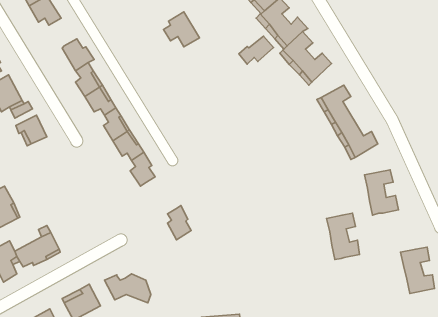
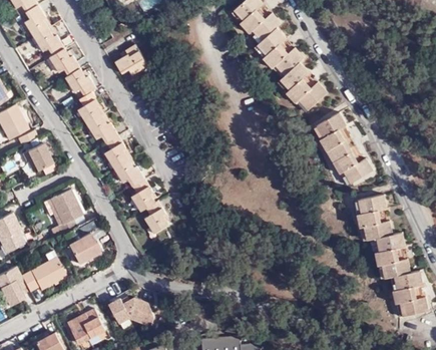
building: [163,12,199,47] -> [115,45,150,79]
building: none -> [50,48,80,75]
building: [239,36,273,64] -> none
building: none -> [48,189,80,234]
building: [167,206,191,240] -> [146,201,169,234]
building: none -> [66,232,98,263]
building: [327,213,360,260] -> [378,233,410,278]

